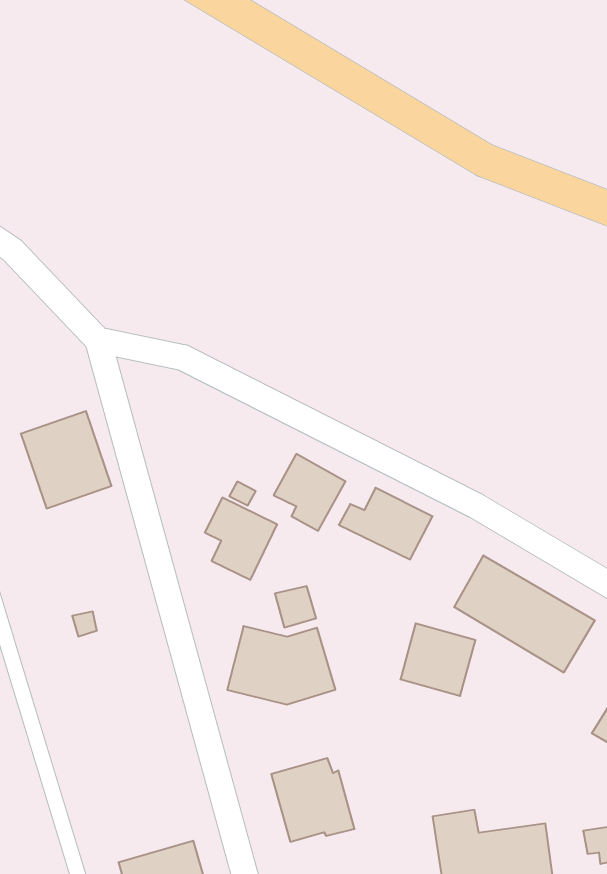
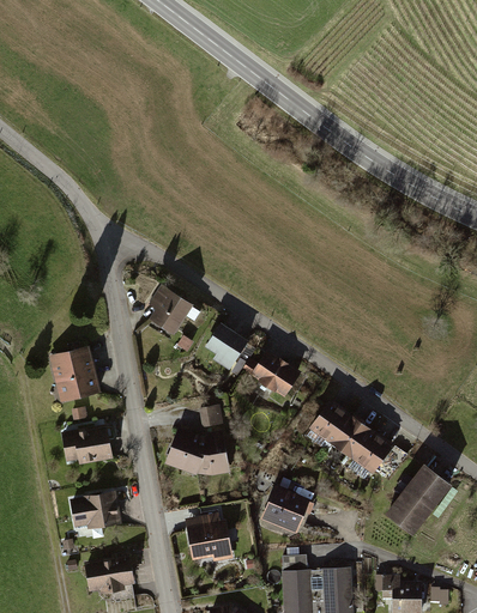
building: [21,411,112,508] -> [48,346,101,403]
building: [205,498,277,580] -> [147,285,193,338]
building: [400,623,475,696] -> [260,486,309,534]
building: none -> [59,425,114,466]
building: none -> [68,490,123,532]

